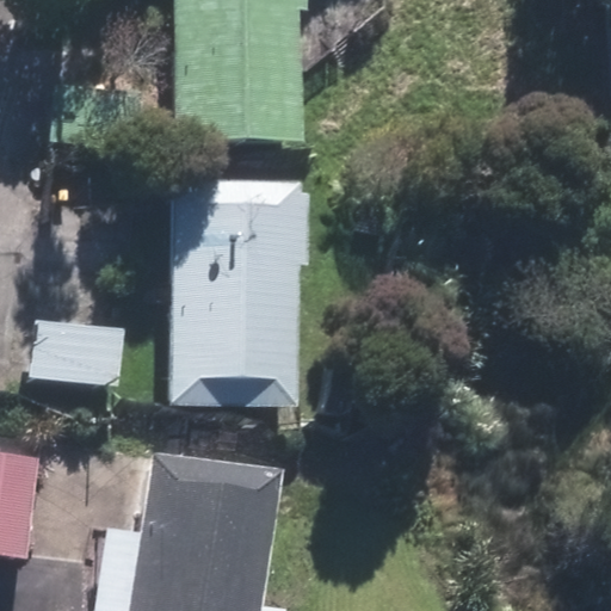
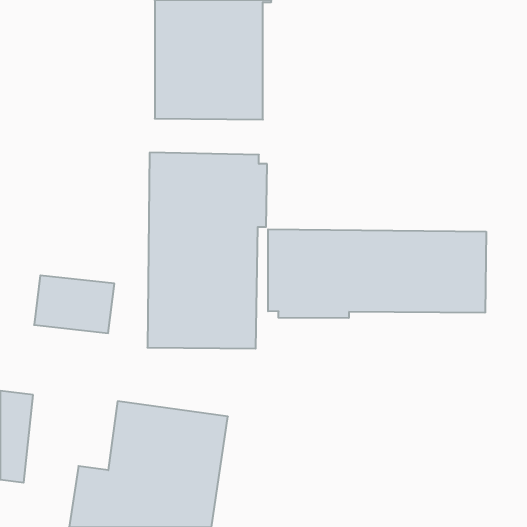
building: none -> [268,229,486,318]

